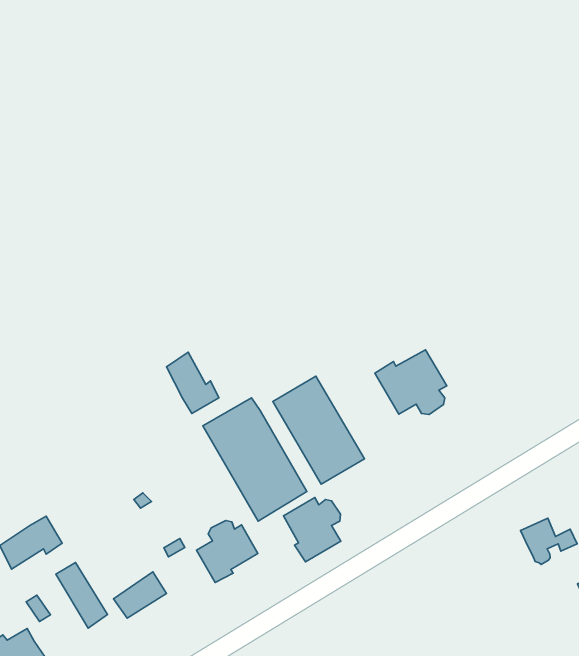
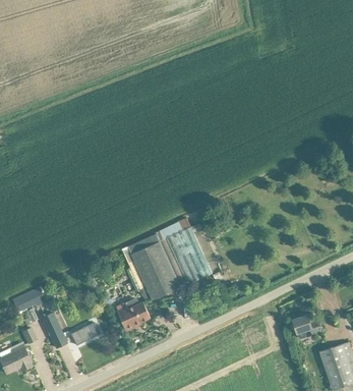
building: [375,350,447,414] -> none
building: [167,352,219,413] -> none
building: [284,497,341,562] -> none

